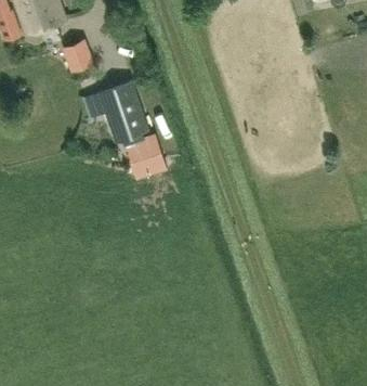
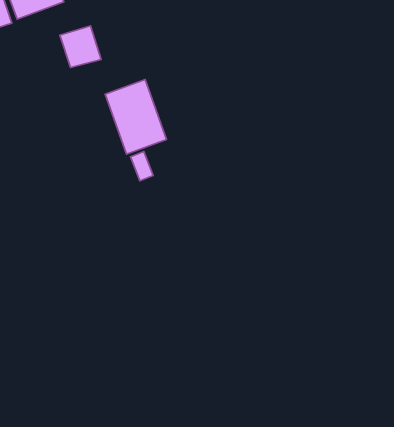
building: [131,152,168,180] -> none

